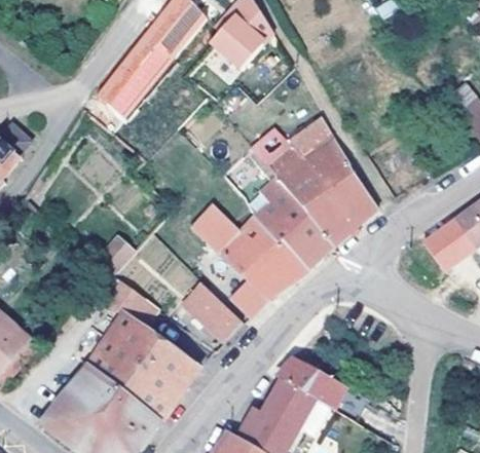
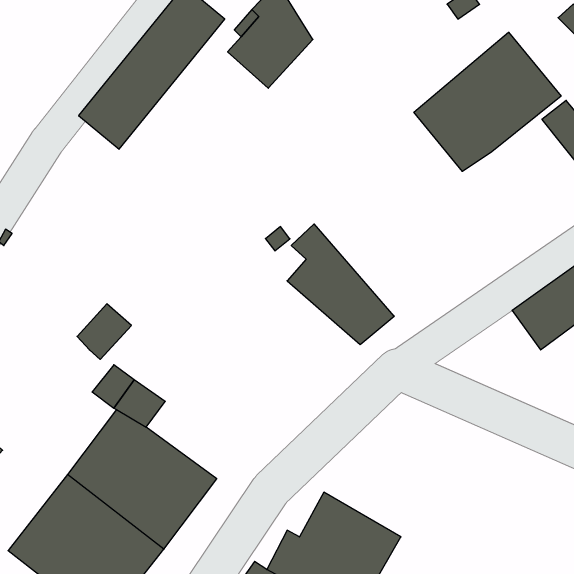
building: none -> [414,32,561,171]
building: [250,114,377,243] -> none
building: [190,203,308,315] -> none
building: [182,281,243,340] -> none
building: [276,356,370,421] -> none

